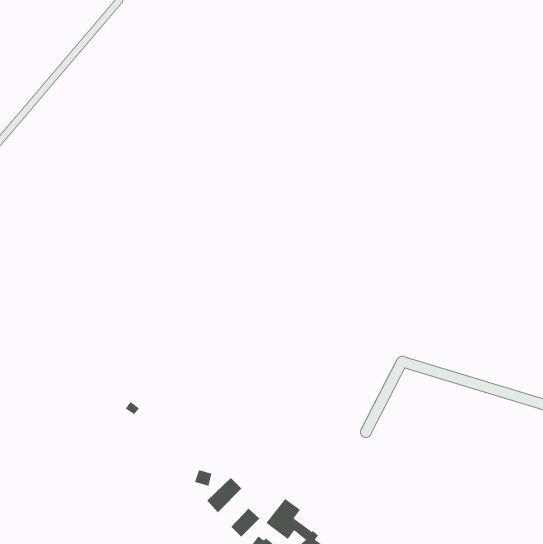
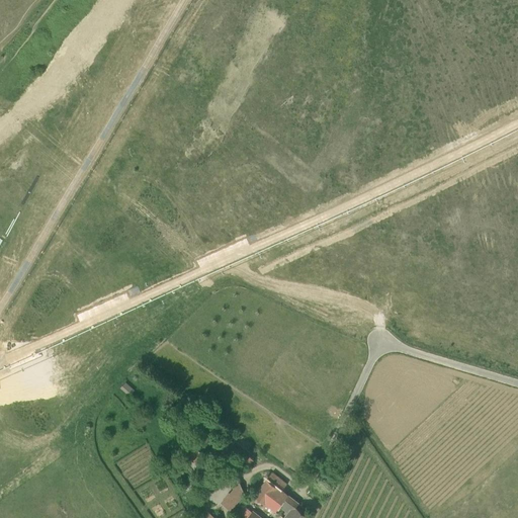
building: [206,477,242,513] -> none

